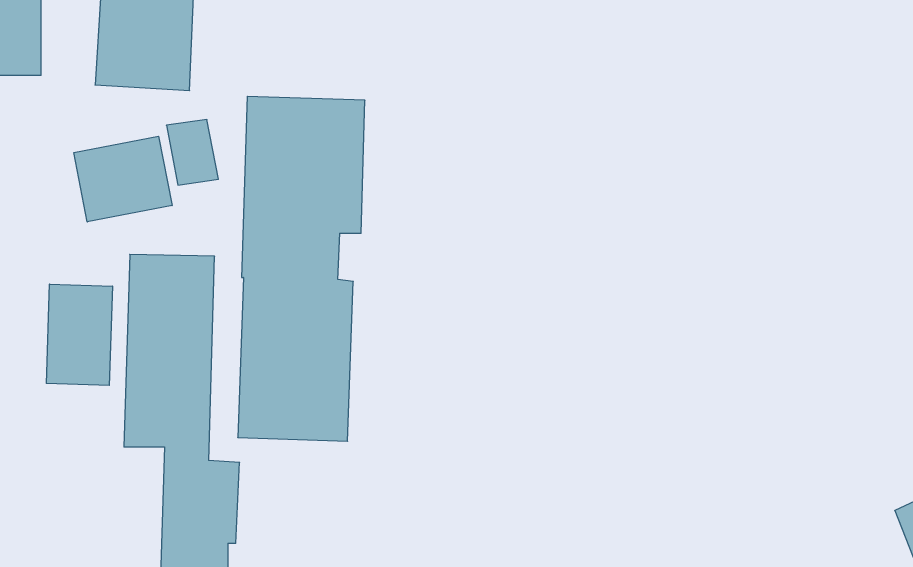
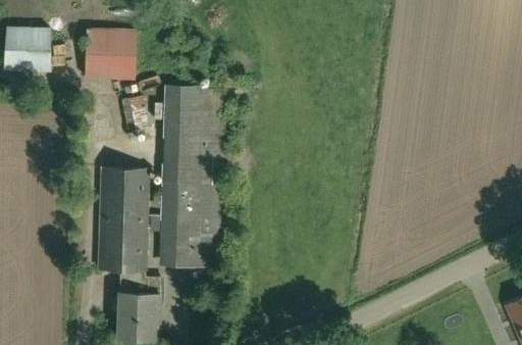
building: [74,136,172,222] -> none
building: [46,284,112,385] -> none

